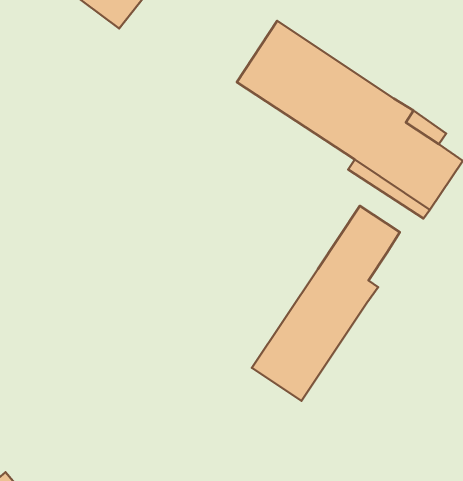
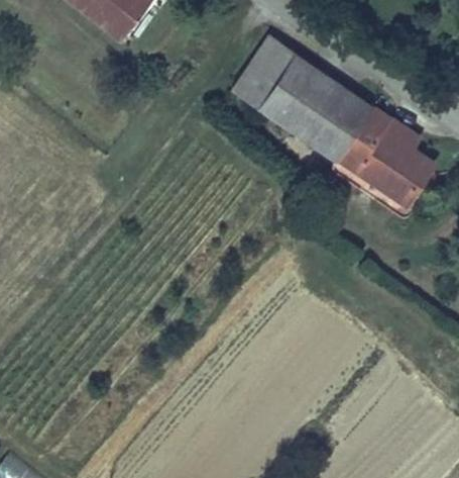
building: [252,206,400,401] -> none

